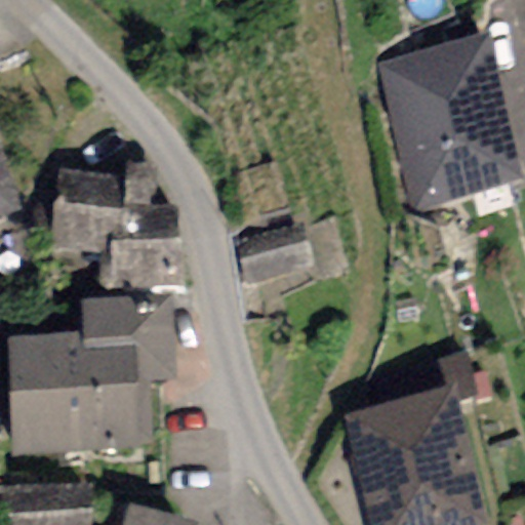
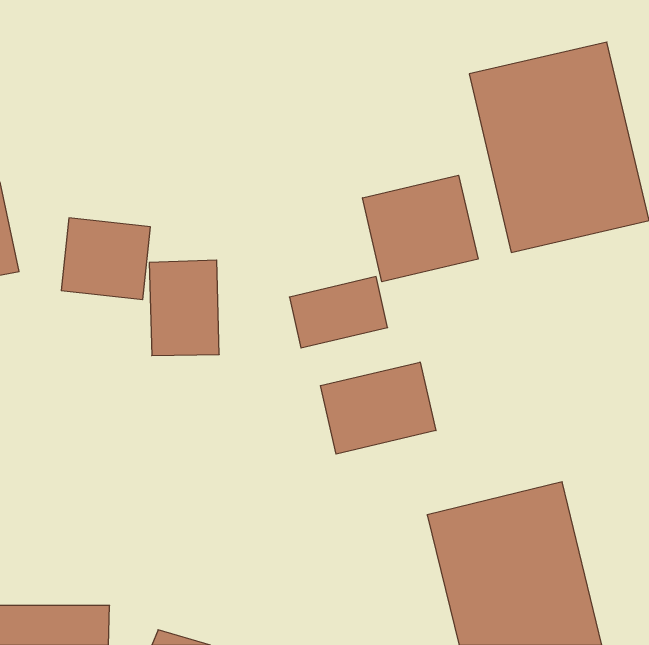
building: none -> [363,175,478,282]
building: none -> [320,362,436,454]
building: [5,299,174,456] -> none

